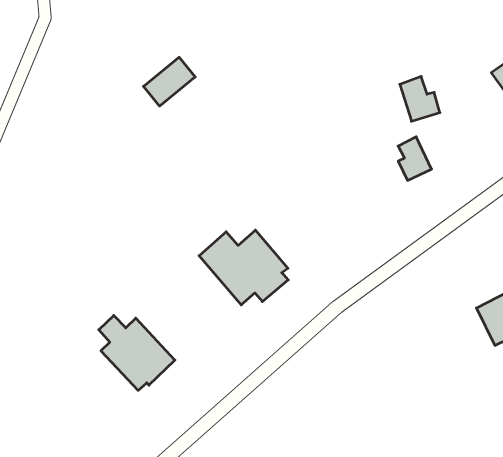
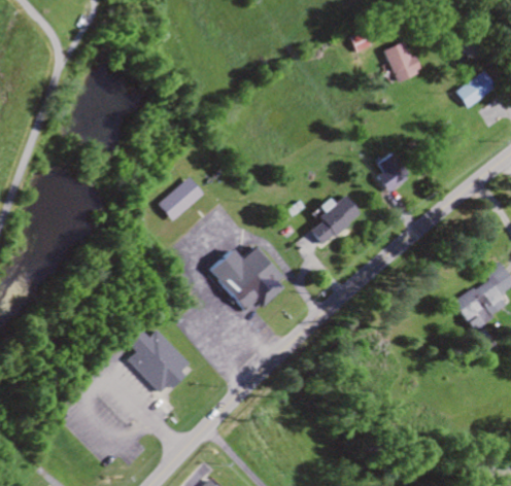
building: [143,57,195,106] -> [157,177,202,221]
building: [400,76,440,121] -> [384,41,421,81]
building: none -> [310,196,361,247]

